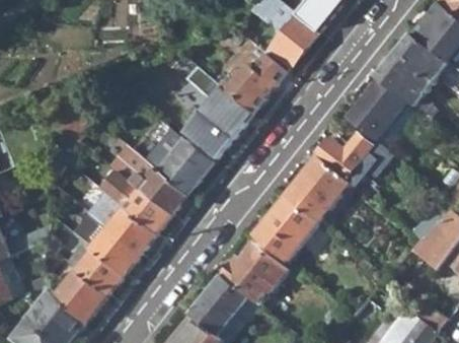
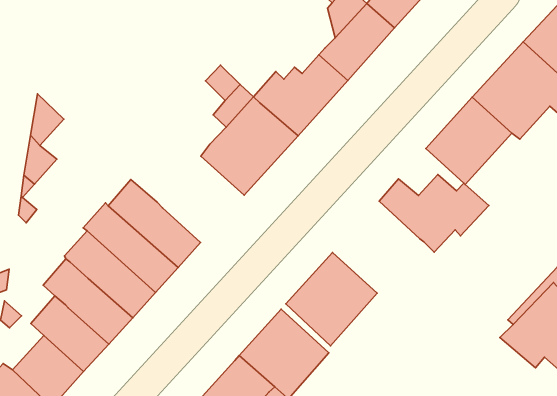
building: [157,138,213,195] -> none
building: [283,156,349,223] -> none

